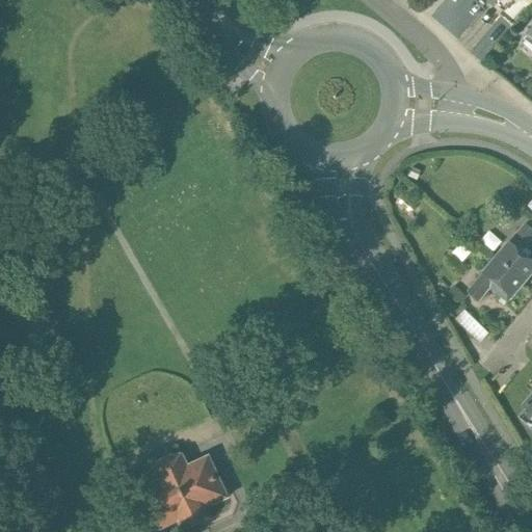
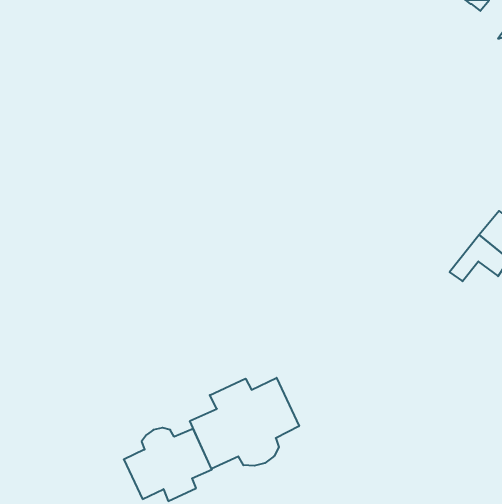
building: none -> [190,378,299,469]

